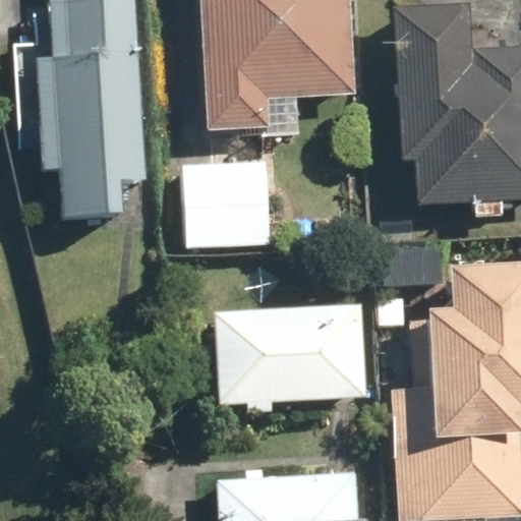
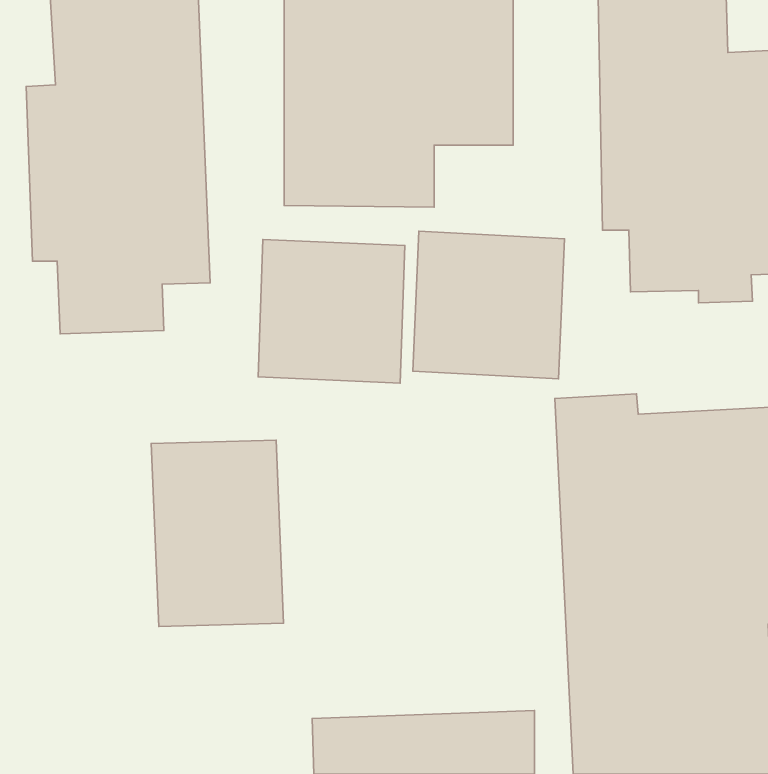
building: none -> [413,231,565,379]
building: none -> [151,440,284,627]
building: [212,307,366,415] -> none

